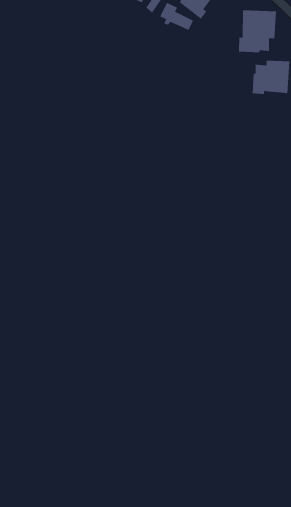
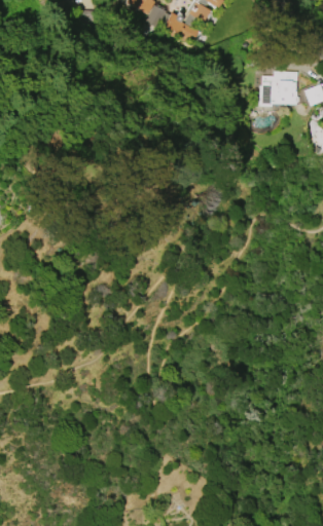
building: [238,10,276,53] -> none

